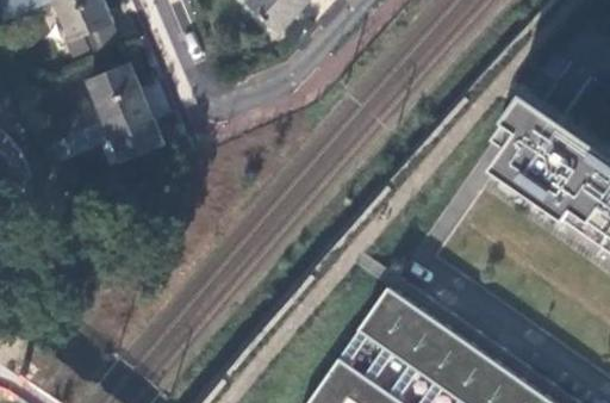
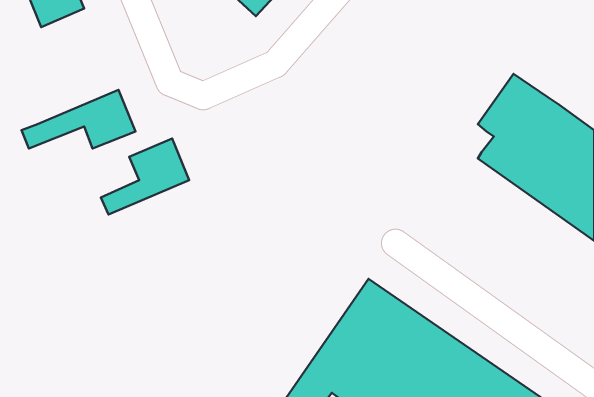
building: [60,63,145,137] -> [101,138,189,215]

